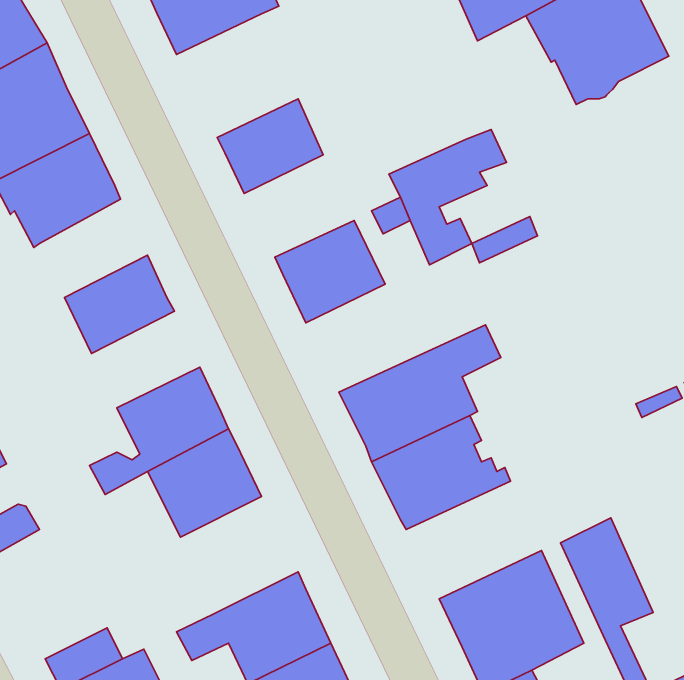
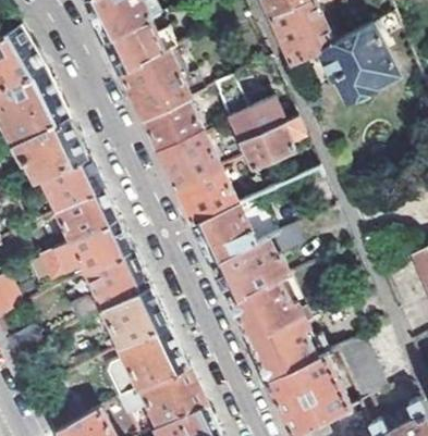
building: none -> [119,52,189,122]
building: none -> [213,78,282,142]
building: none -> [157,132,219,189]
building: none -> [41,157,102,212]
building: none -> [192,201,277,265]
building: none -> [41,220,132,278]
building: none -> [248,315,329,382]
building: none -> [118,324,187,390]

